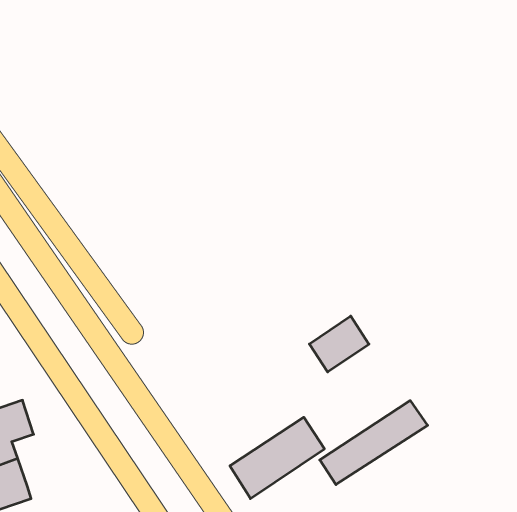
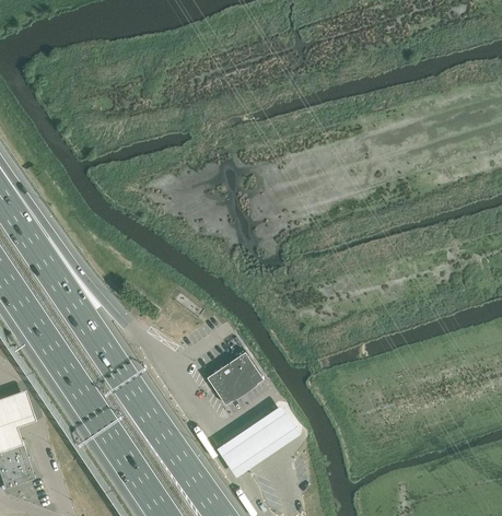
building: [309,316,369,372] -> [208,353,261,403]
building: [320,401,428,485] -> none

